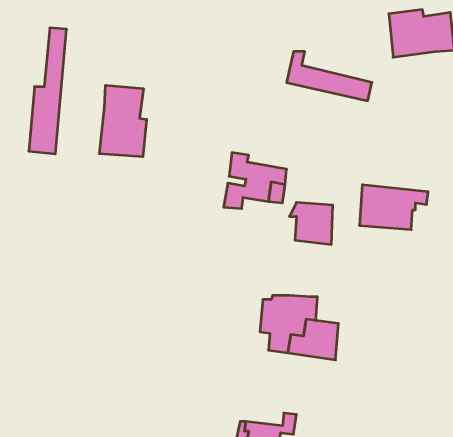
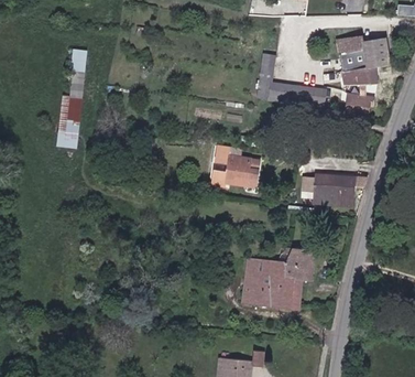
building: none -> [342,67,375,115]
building: [99,85,147,157] -> none
building: [289,202,333,244] -> [277,249,312,282]

